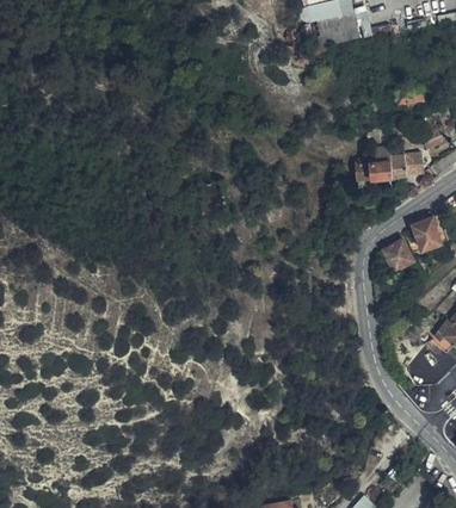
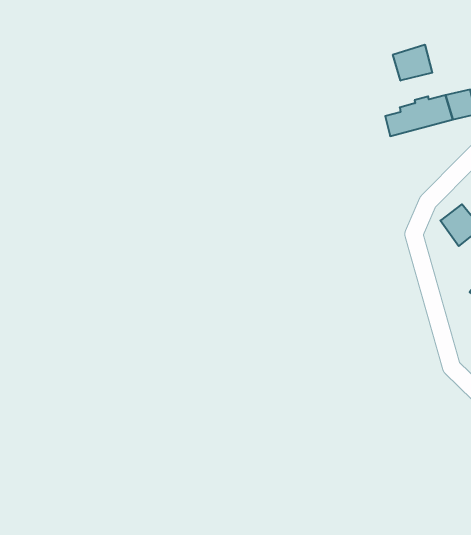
building: none -> [393,45,432,81]

